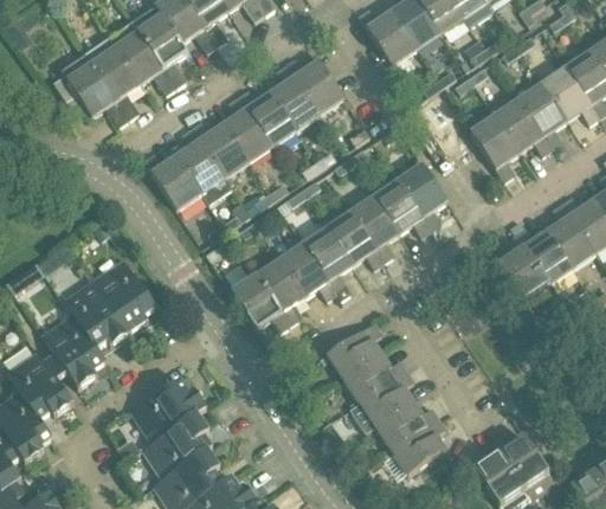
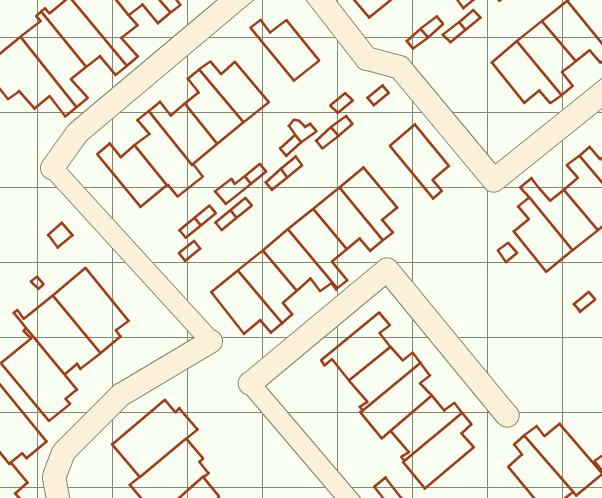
building: [271,63,321,129] -> none
building: [470,114,520,180] -> none
building: [374,178,432,236] -> none

